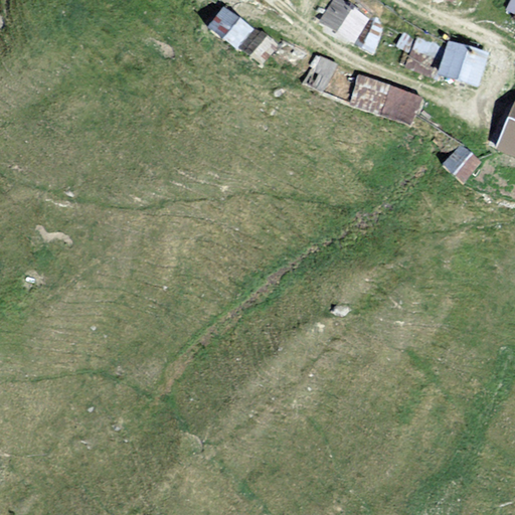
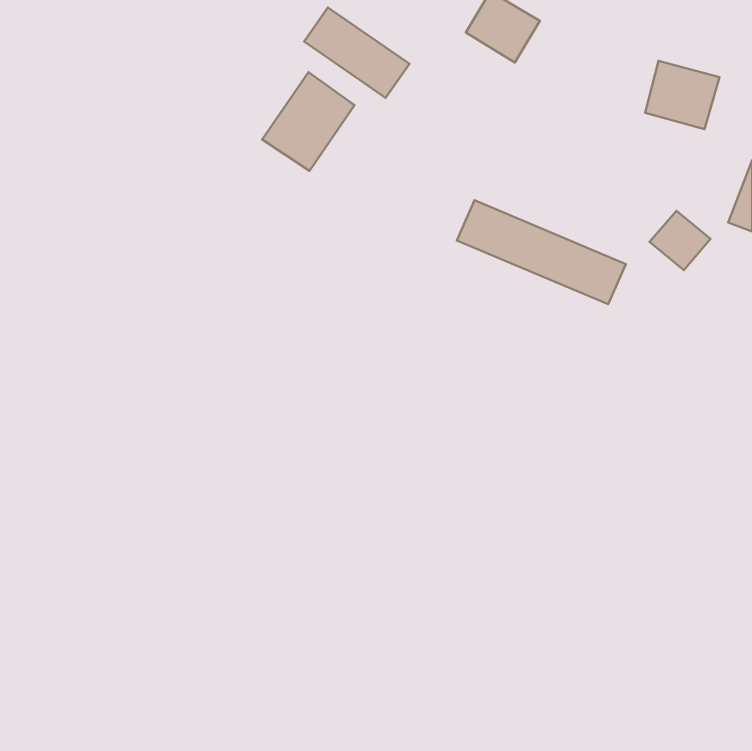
building: none -> [262,72,355,171]
building: [308,54,422,125] -> [457,200,626,304]

